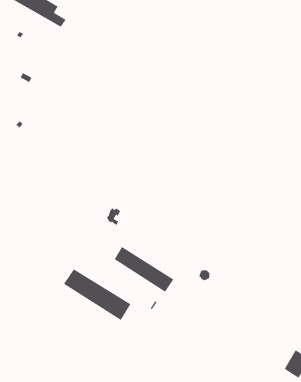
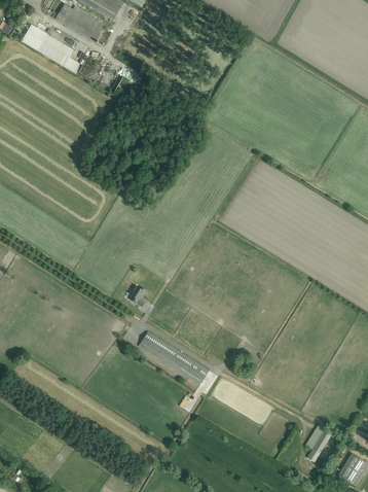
building: [63,268,131,321] -> none
building: none -> [304,424,332,461]

